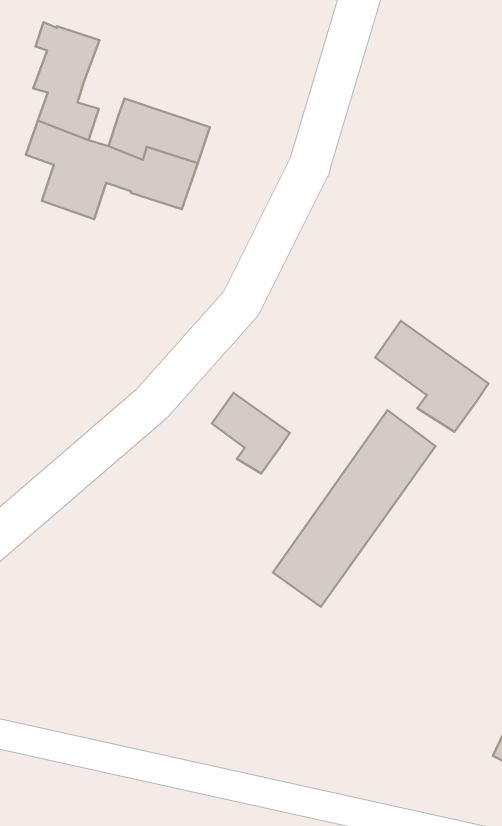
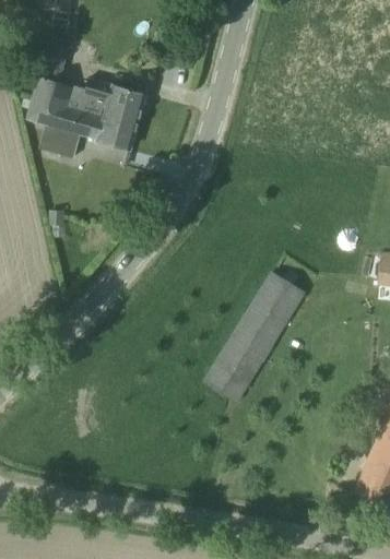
building: [375,321,489,432] -> none
building: [212,393,290,473] -> none

